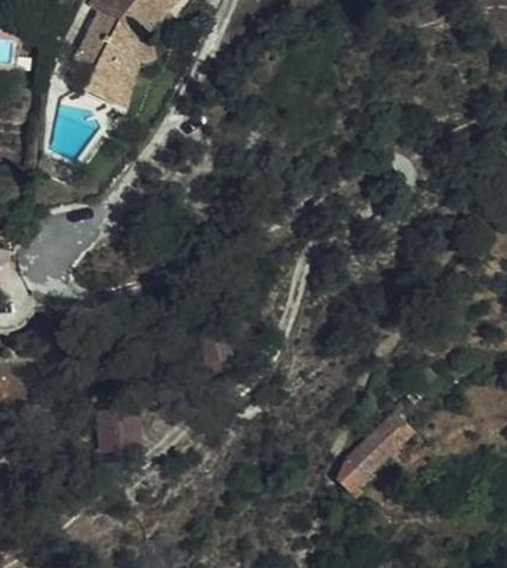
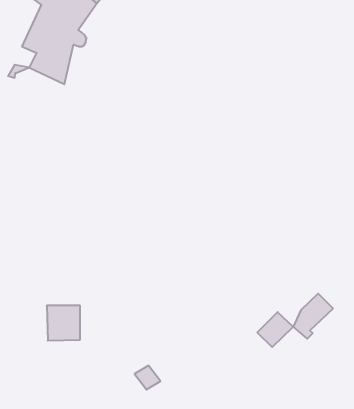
building: [340,433,391,491] -> [293,294,333,339]

